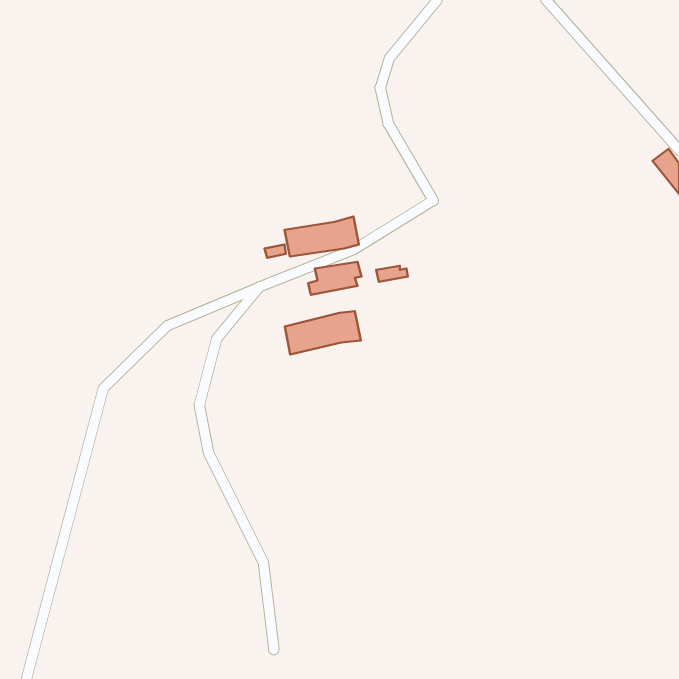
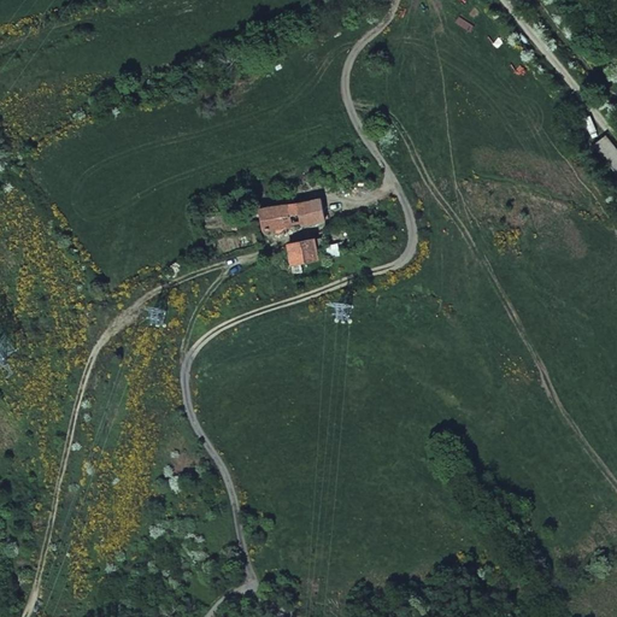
building: [285,311,361,355] -> none

